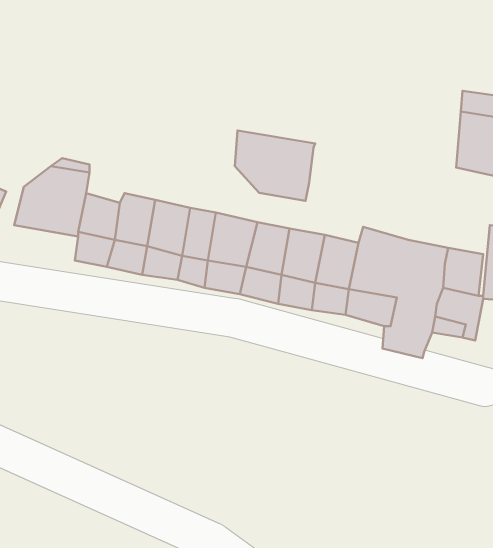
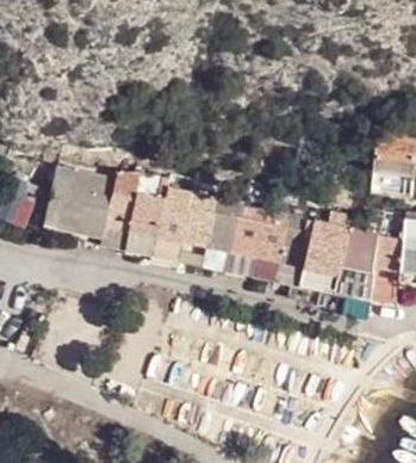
building: [235,131,315,201] -> none

